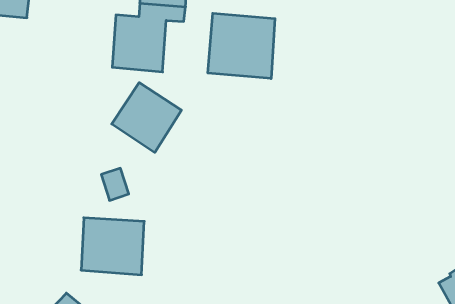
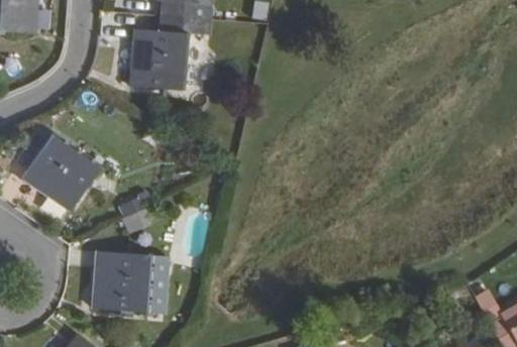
building: [208,13,275,79] -> none
building: [112,83,181,152] -> [23,134,100,211]

